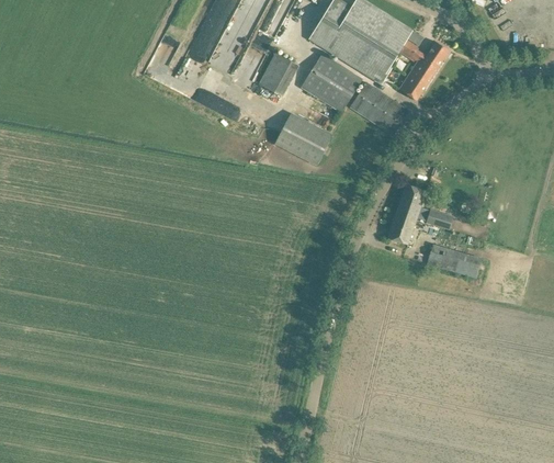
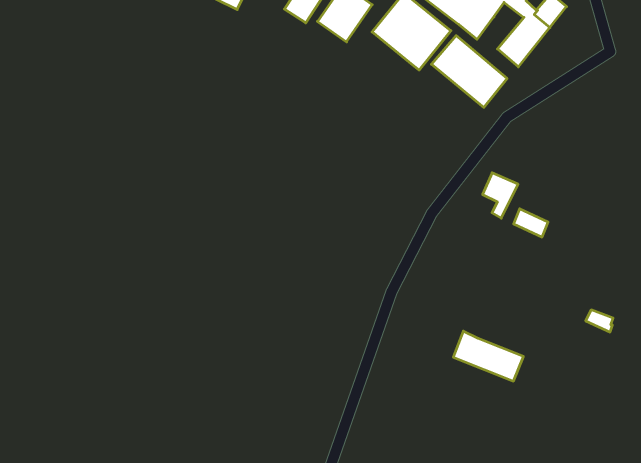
building: [274,113,331,165] -> none
building: [386,202,416,245] -> none
building: [427,244,480,278] -> [453,331,523,381]

